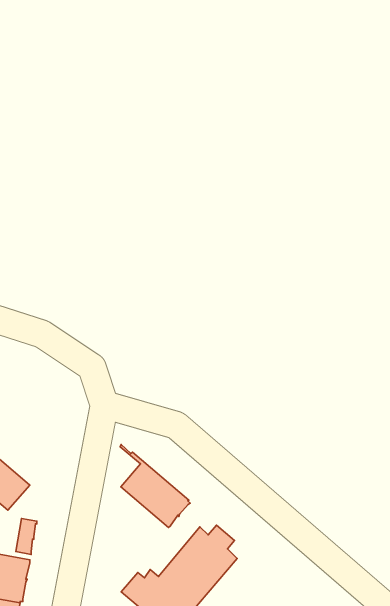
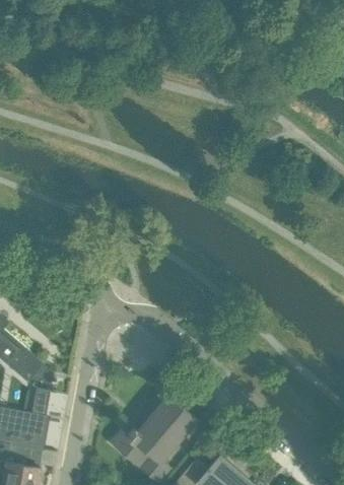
building: [120,445,190,527] -> none

